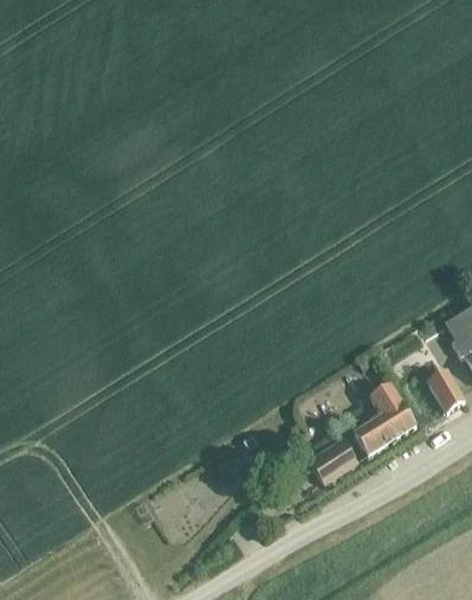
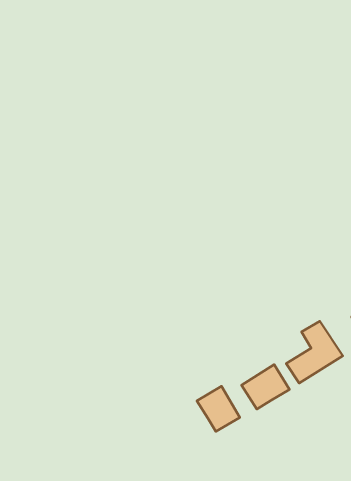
building: none -> [197,386,240,431]

